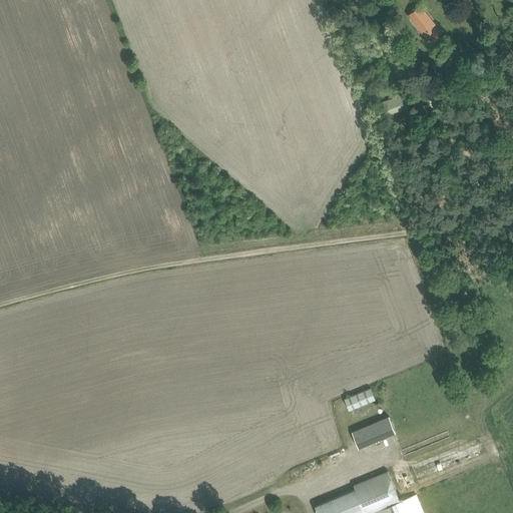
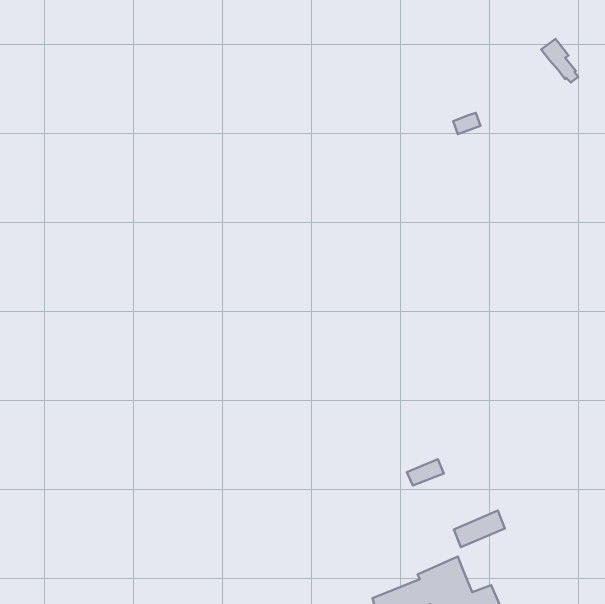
building: [407,7,438,44] -> [541,39,578,83]
building: [351,418,394,449] -> [454,511,505,547]

